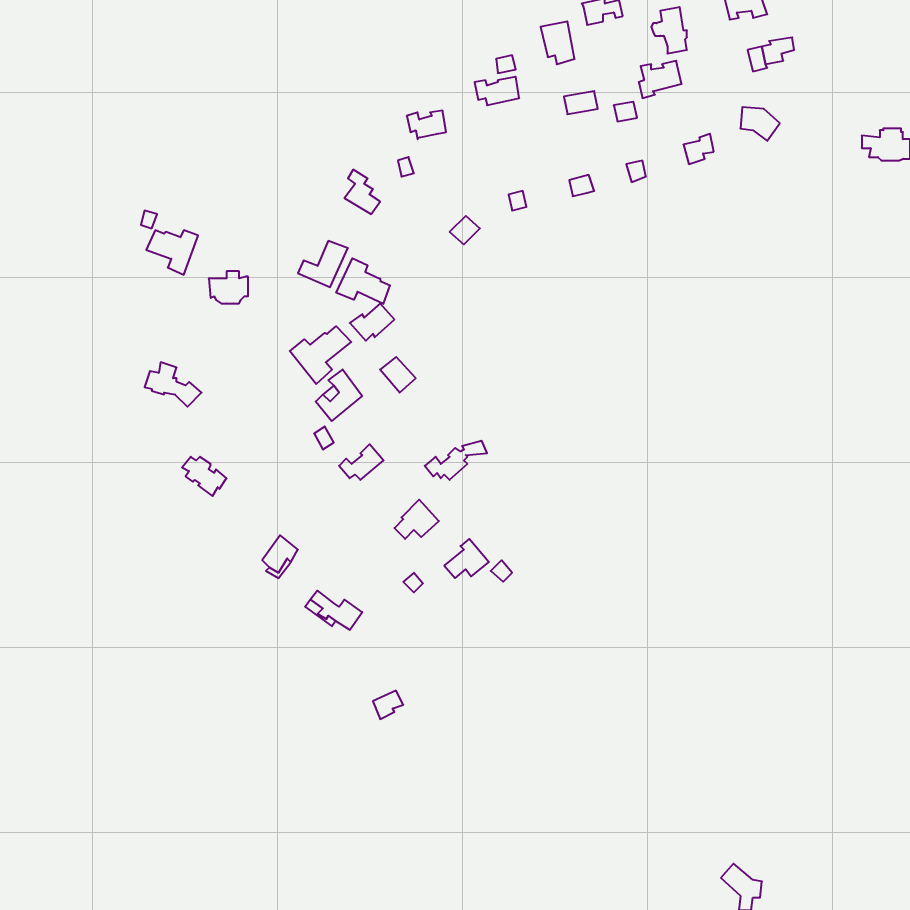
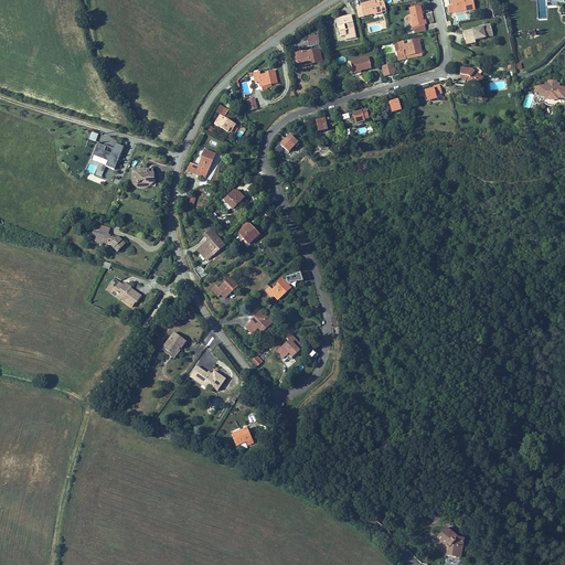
building: [336,258,390,304] -> none
building: [290,326,351,384] -> none

